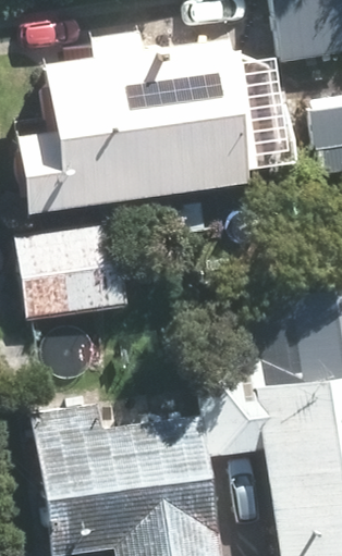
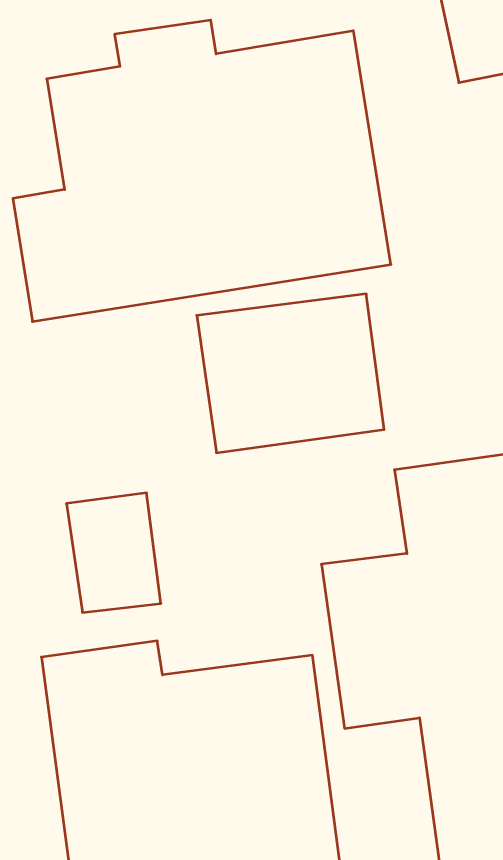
building: [20,224,134,321] -> [197,294,384,453]

